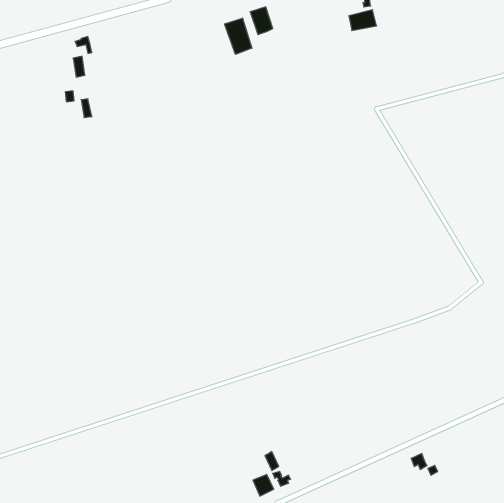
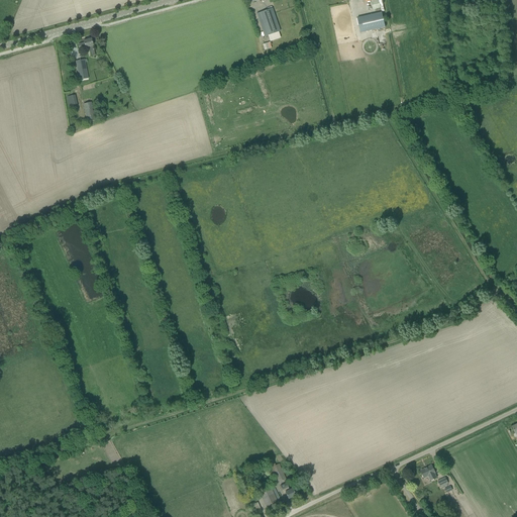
building: [224,18,252,54] -> none

